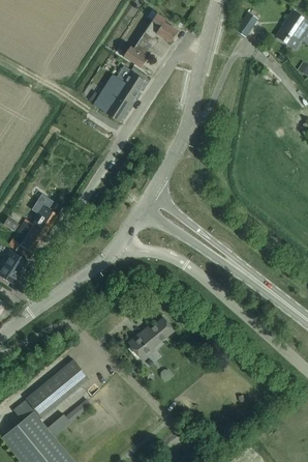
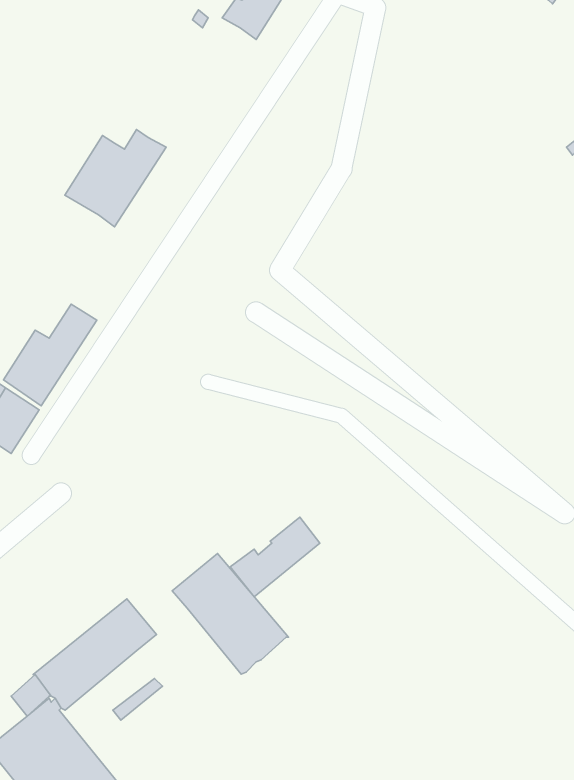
building: [93,71,146,122] -> [65,129,166,227]
building: none -> [172,554,288,674]

